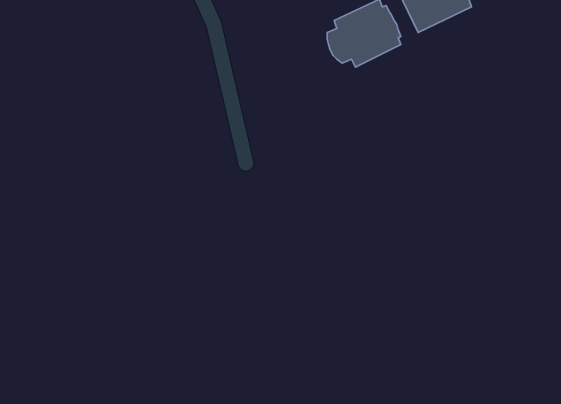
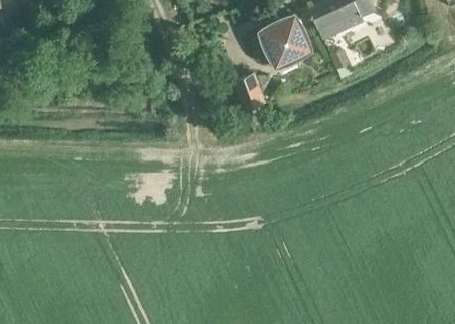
building: none -> [234,73,264,108]

